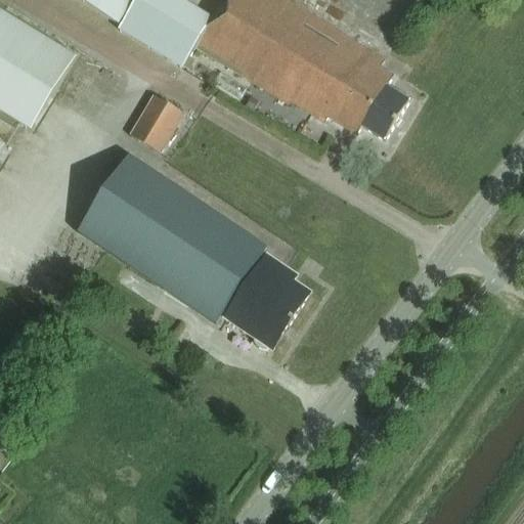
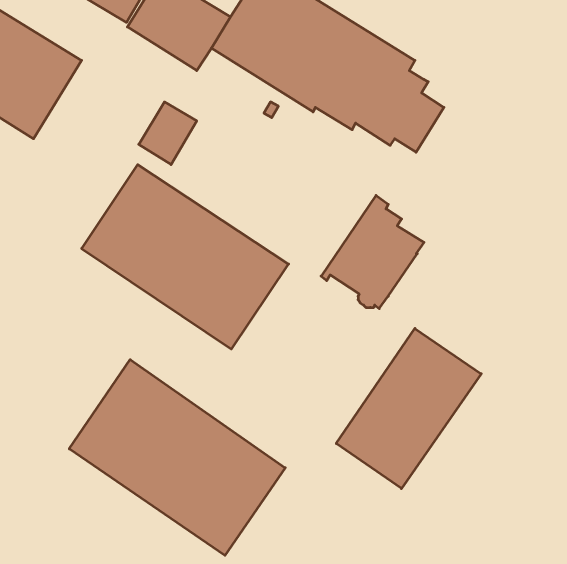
building: [215,244,309,347] -> [321,195,424,309]
building: none -> [336,328,481,489]
building: none -> [69,360,285,555]

